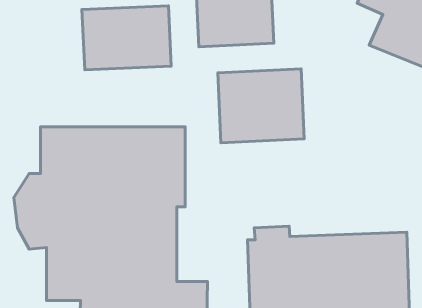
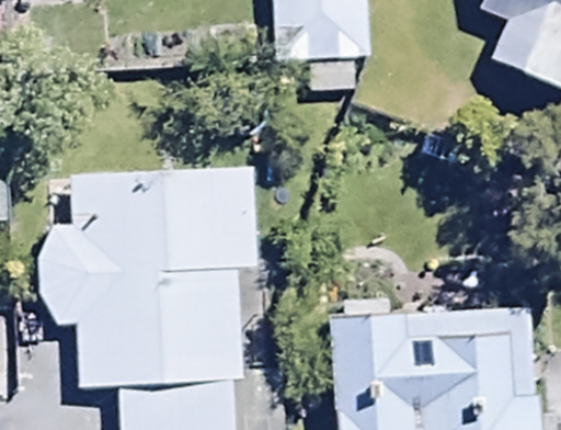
building: [82,6,171,70] -> none
building: [218,69,304,143] -> none

